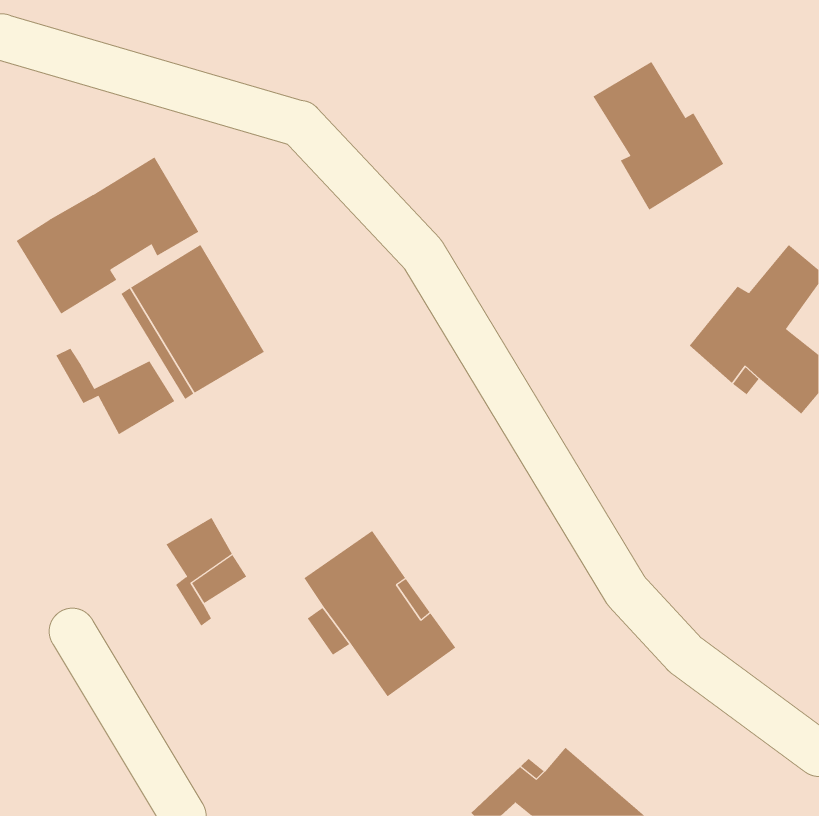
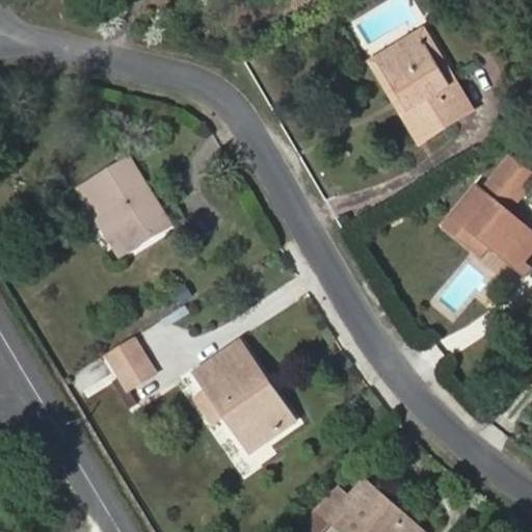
building: none -> [370,27,422,104]
building: [16,156,199,314] -> none
building: [56,348,175,435] -> none

